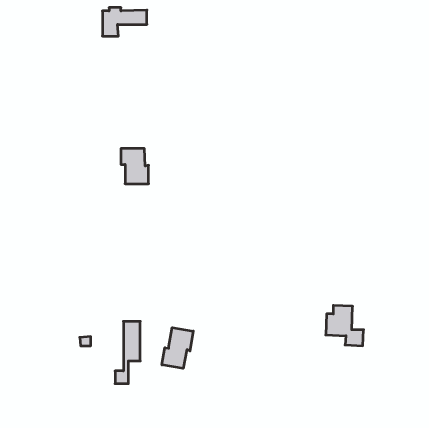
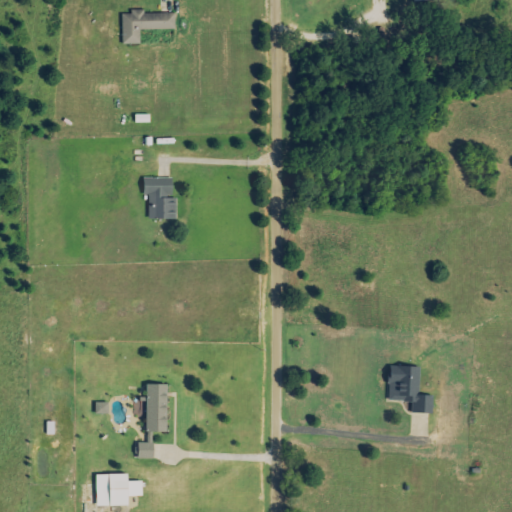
building: [162,328,193,368] -> none
building: none -> [96,473,142,505]

